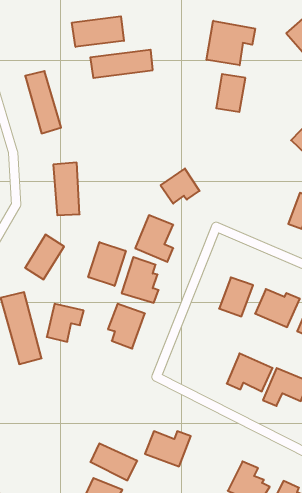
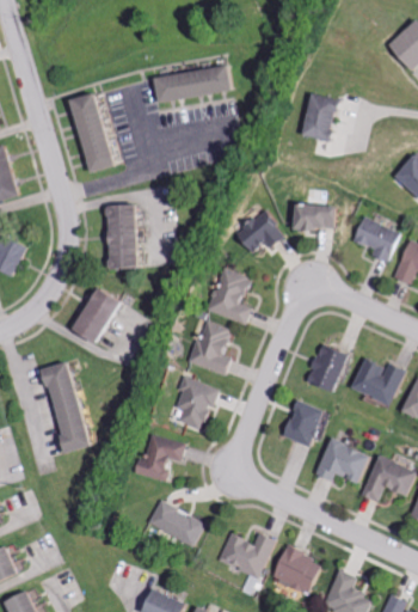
building: [72,16,124,47] -> none
building: [207,21,255,65] -> none
building: none -> [296,204,337,231]
building: none -> [351,216,400,263]
building: [88,242,126,286] -> none
building: [47,304,84,342] -> [140,435,185,482]
building: none -> [285,400,328,447]
building: none -> [272,547,321,594]
building: [90,443,137,480] -> [147,502,204,547]

